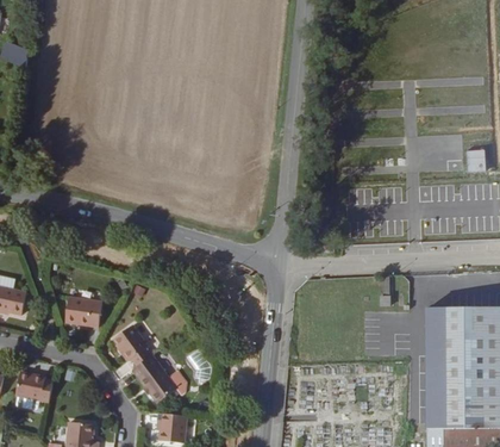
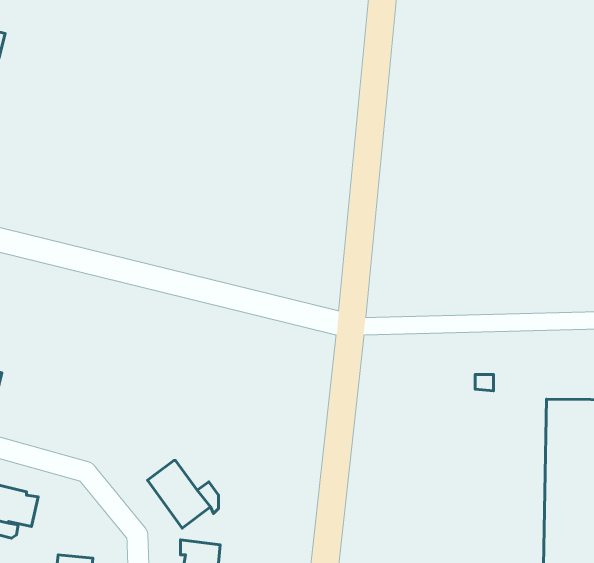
building: [69,294,107,328] -> none
building: [115,324,154,365] -> none

